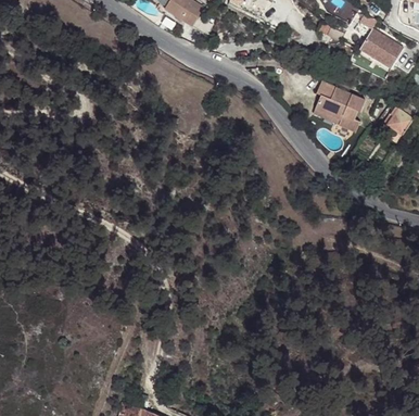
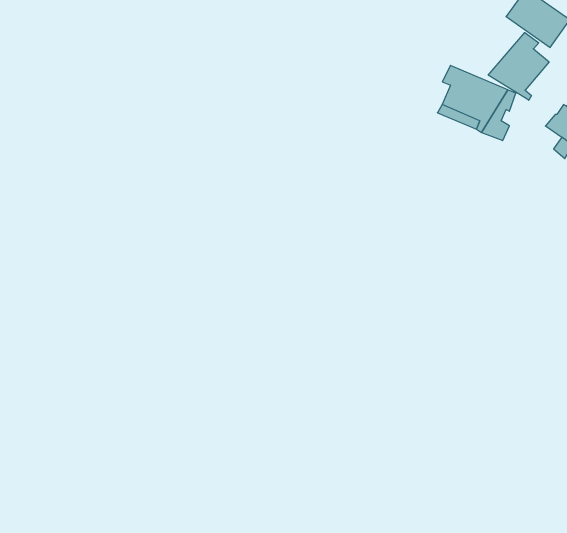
building: none -> [488,33,549,100]

